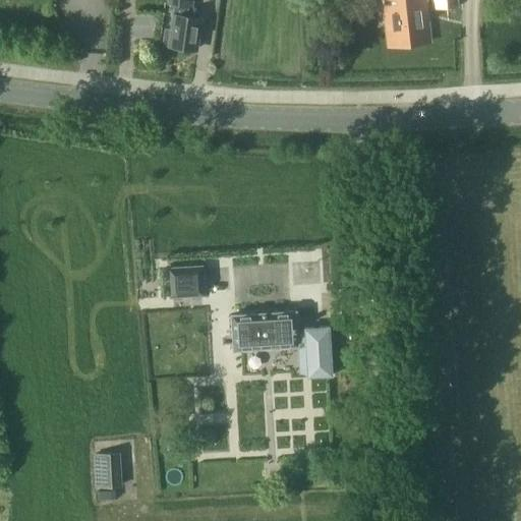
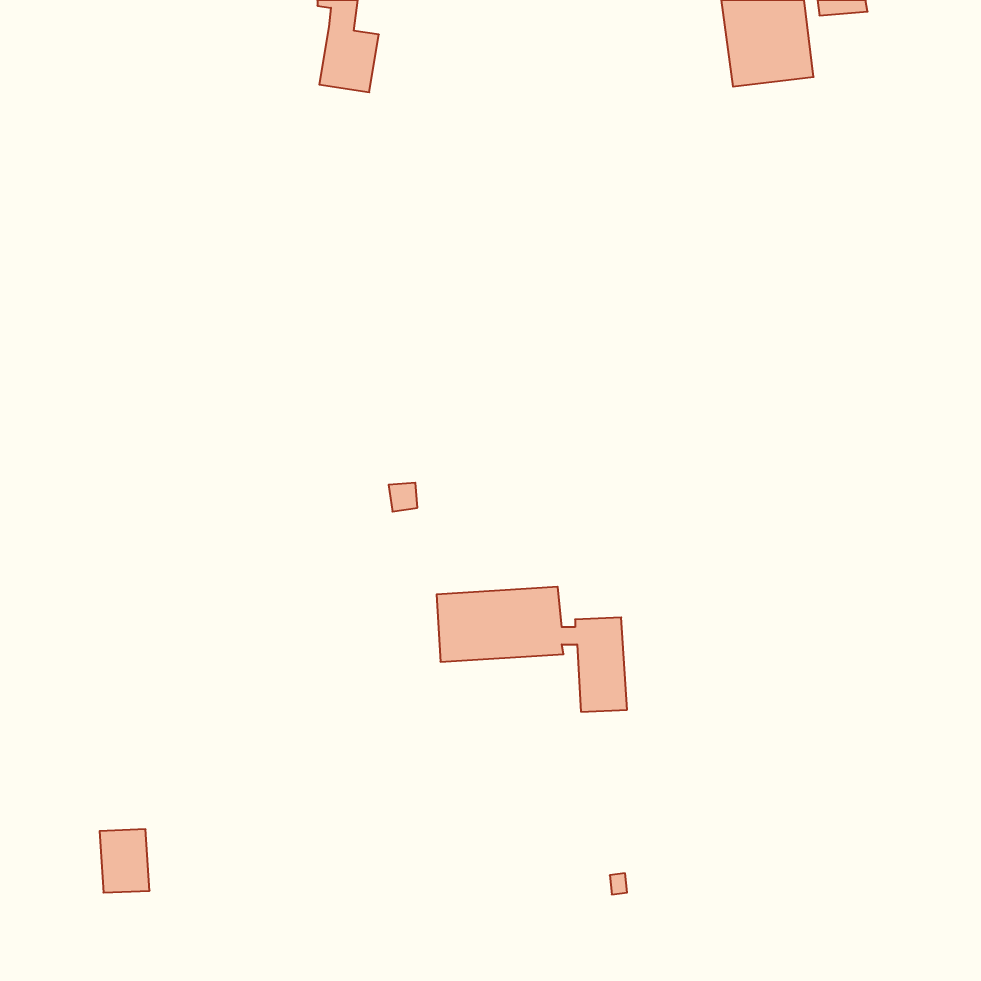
building: [169,267,206,298] -> none
building: [96,454,122,487] -> [100,829,150,893]

